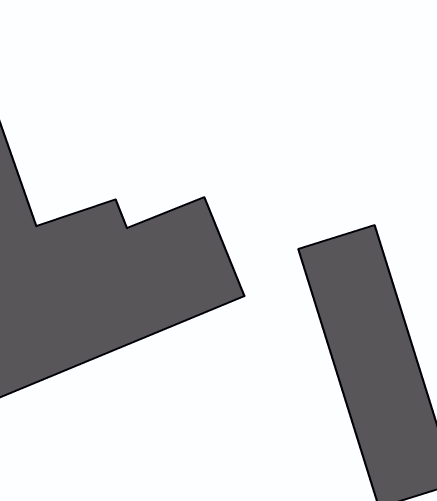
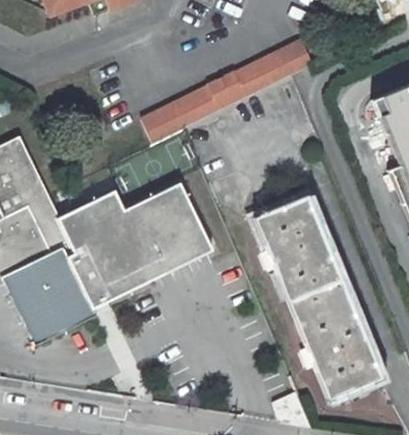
building: none -> [141,38,316,143]

